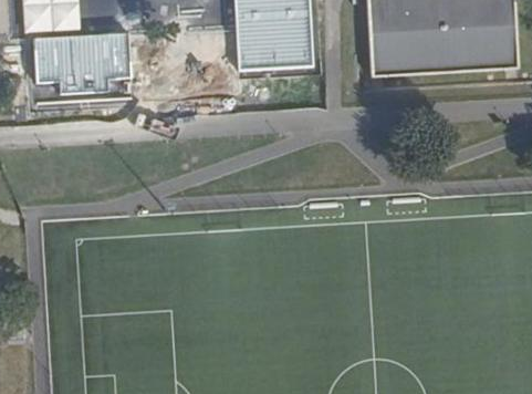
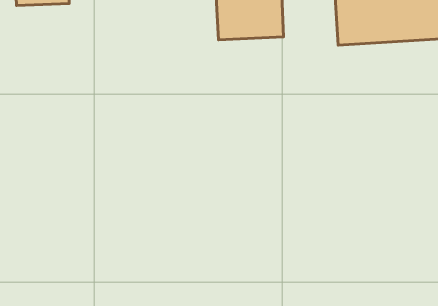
building: [35,32,132,93] -> none

